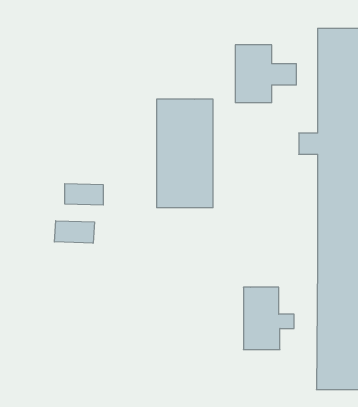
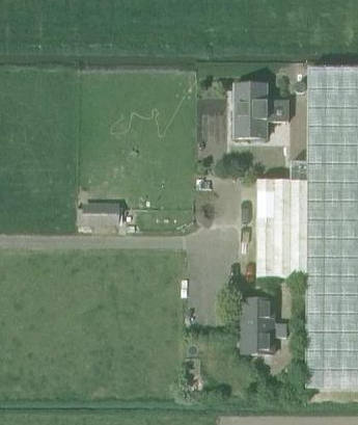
building: [157,99,213,208] -> [257,179,307,274]
building: [54,221,94,243] -> none

